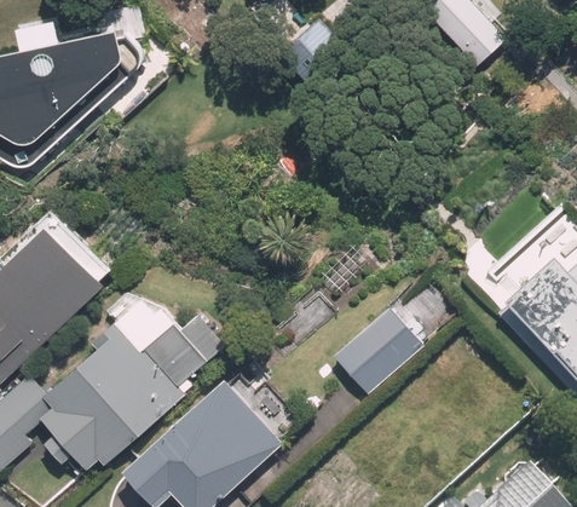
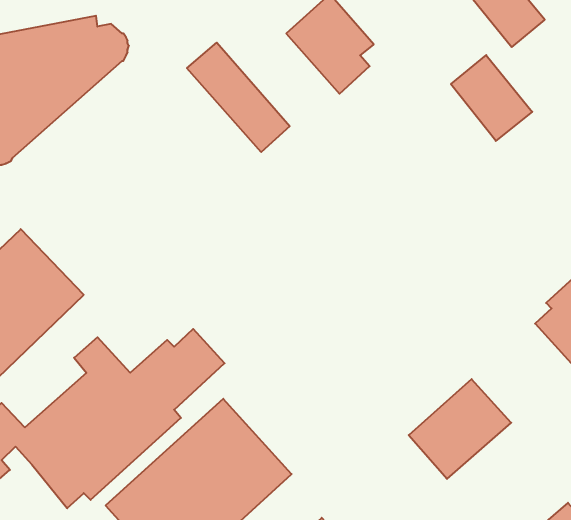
building: none -> [187,43,290,152]
building: none -> [451,55,532,141]
building: [330,309,421,397] -> [409,379,511,479]

